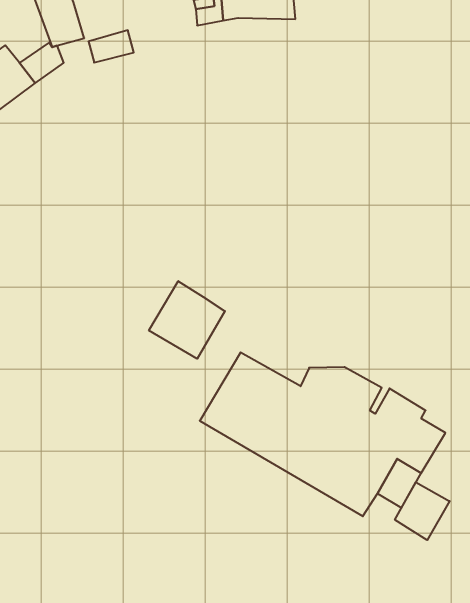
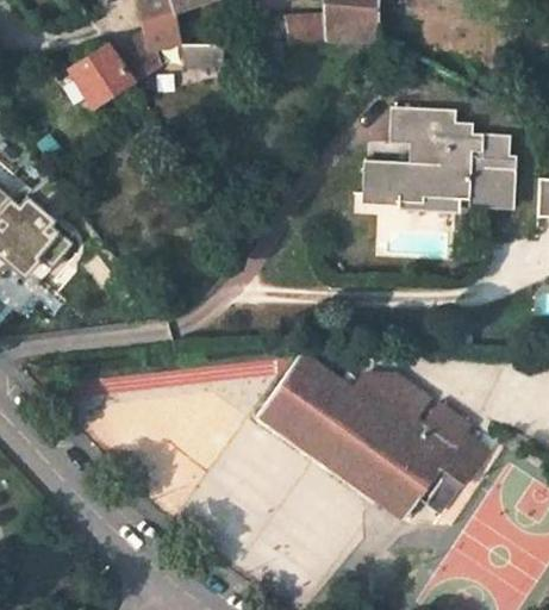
building: none -> [367,107,518,203]
building: [149,281,225,359] -> none
building: [395,482,450,540] -> none

